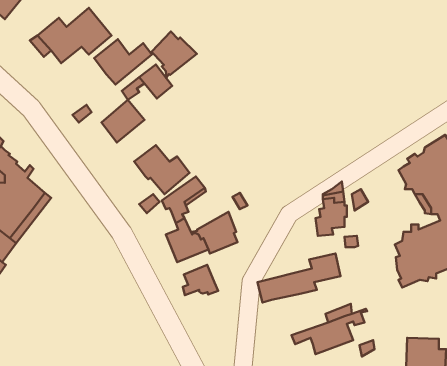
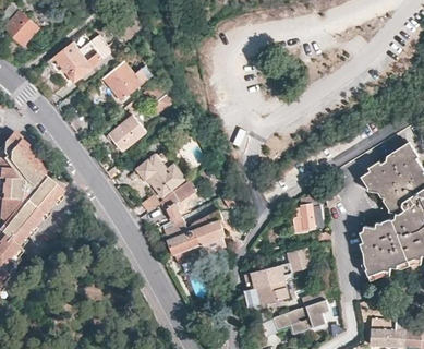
building: [151,31,197,78] -> none
building: [183,265,218,295] -> none
building: none -> [255,281,286,306]

